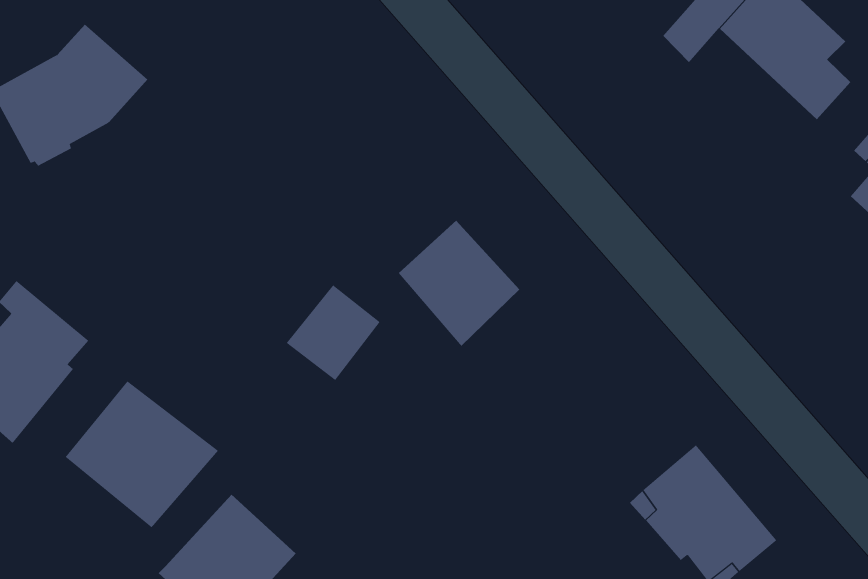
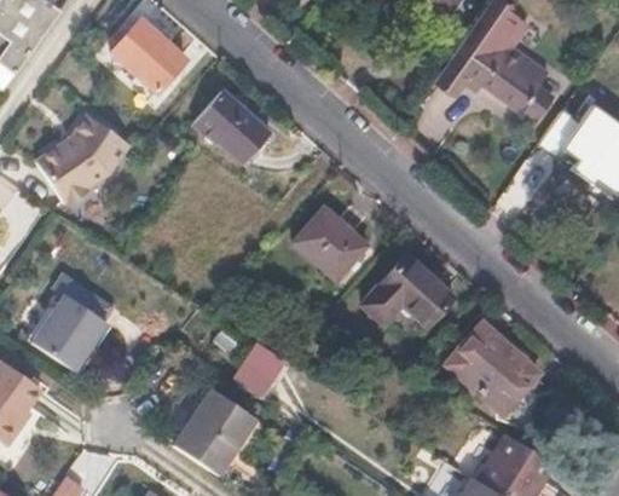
building: none -> [191,90,267,160]
building: [286,284,380,381] -> [233,344,289,402]
building: none -> [361,254,453,323]
building: [65,380,219,528] -> none

